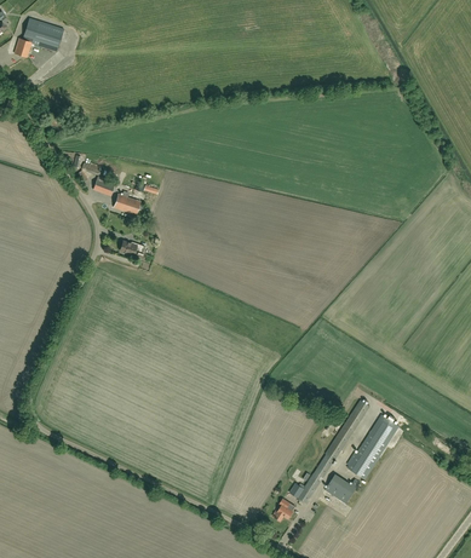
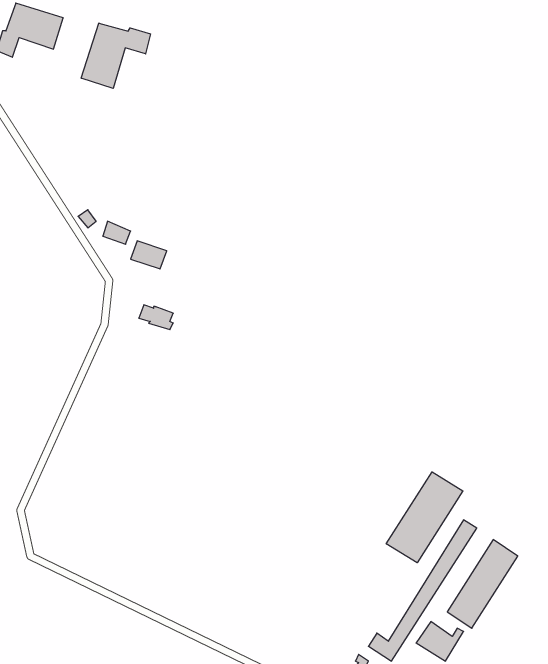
building: none -> [81,23,150,88]
building: none -> [386,472,463,563]

